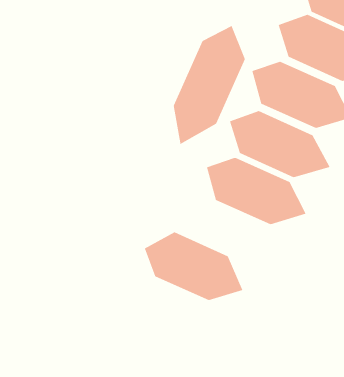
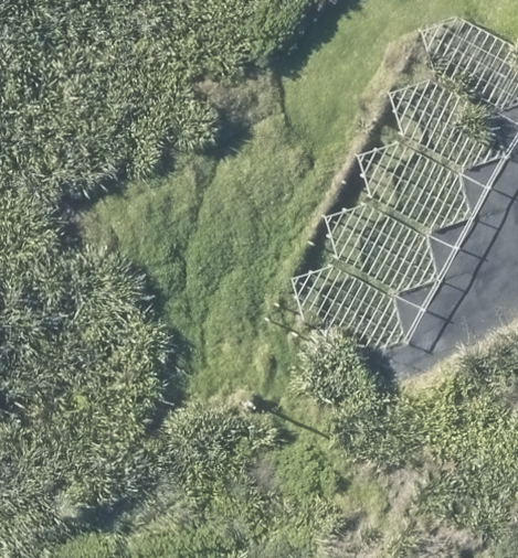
building: [173,25,245,145] -> none
building: [144,232,243,301] -> none

